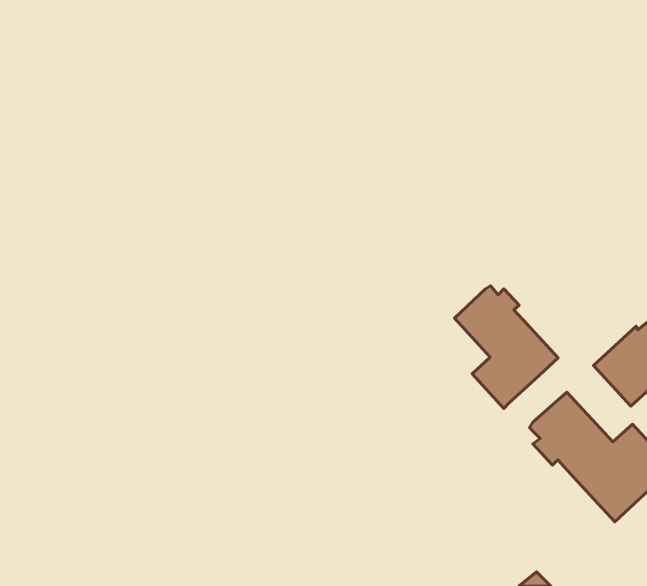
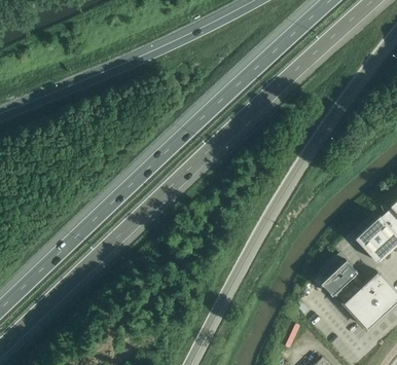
building: [455,286,558,409] -> none

